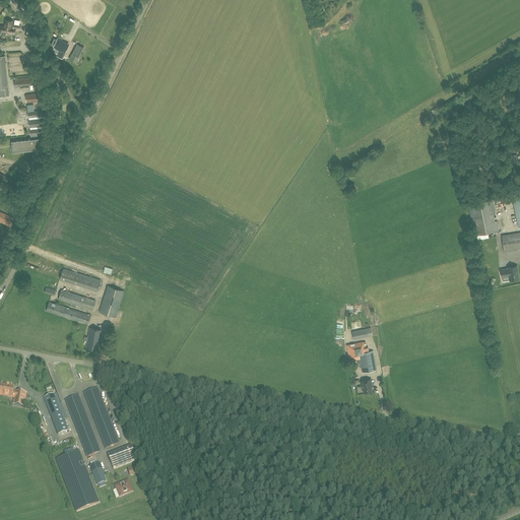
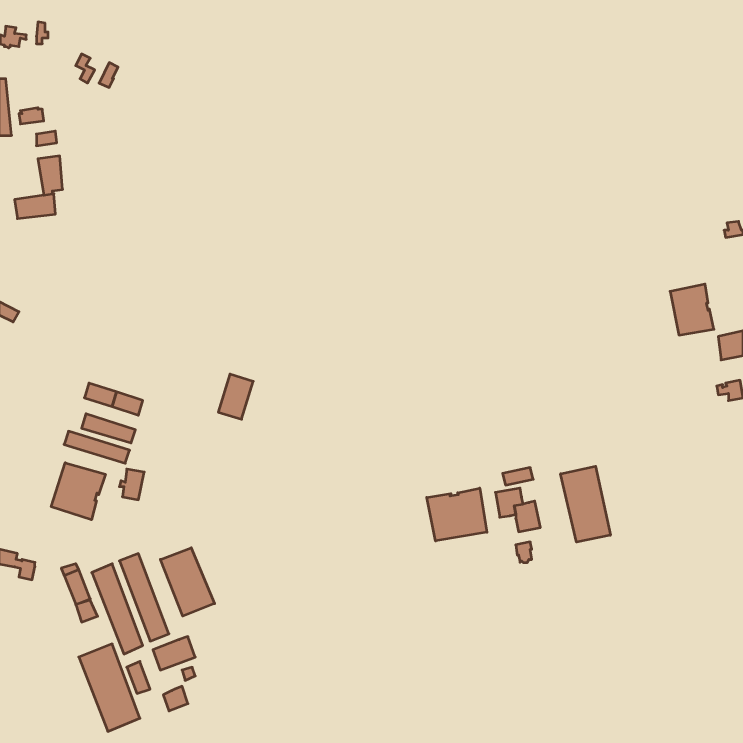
building: [99,284,123,316] -> [218,374,253,419]
building: none -> [51,463,105,520]
building: none -> [561,466,610,542]
building: none -> [427,488,487,541]
building: none -> [160,548,215,616]

